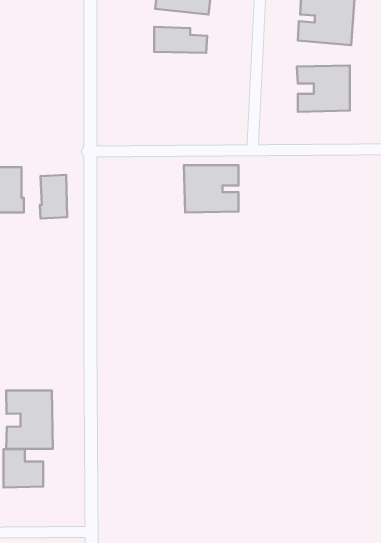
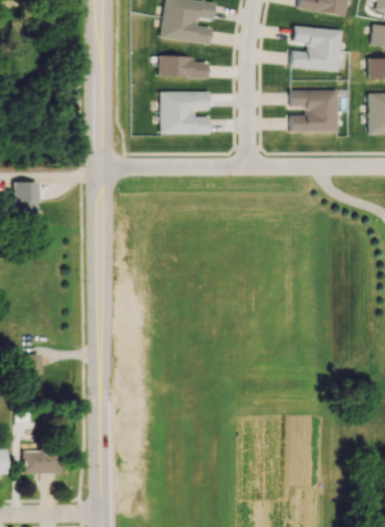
building: [184,165,238,213] -> [160,91,209,134]
building: [40,175,67,219] -> none
building: [6,390,53,449] -> none

